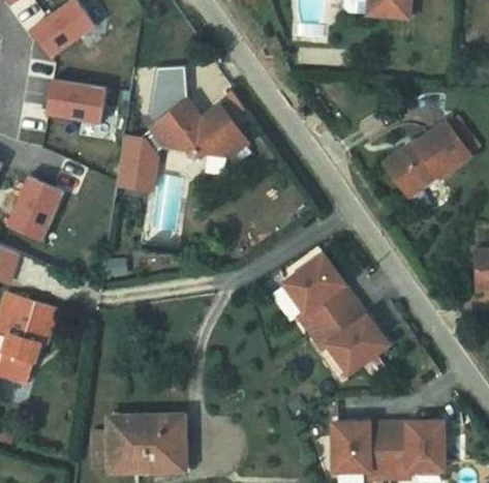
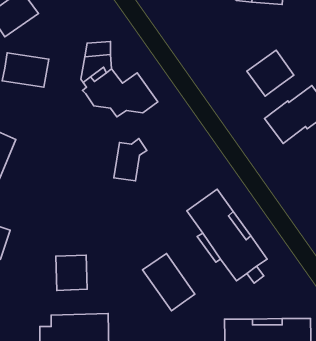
building: none -> [247,50,294,96]
building: [122,132,164,187] -> [114,138,147,181]
building: none -> [142,253,195,311]
building: none -> [56,255,87,291]

